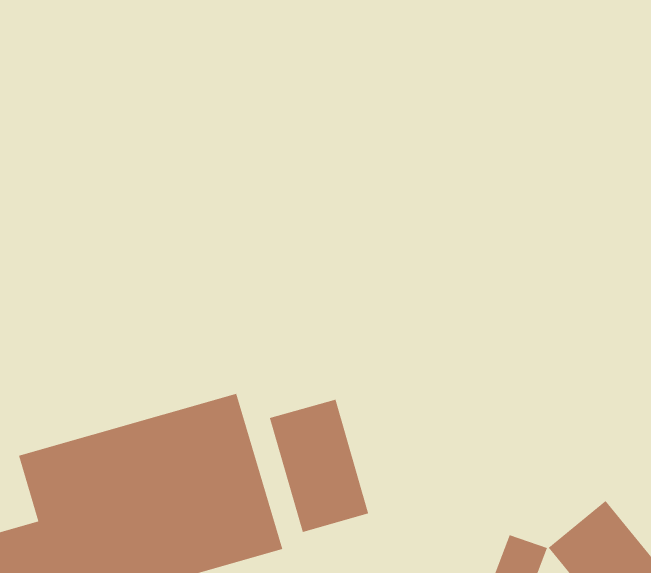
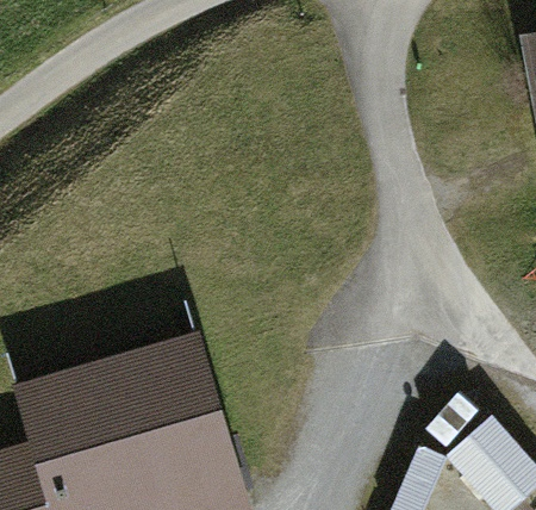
building: [269,399,369,533] -> none

